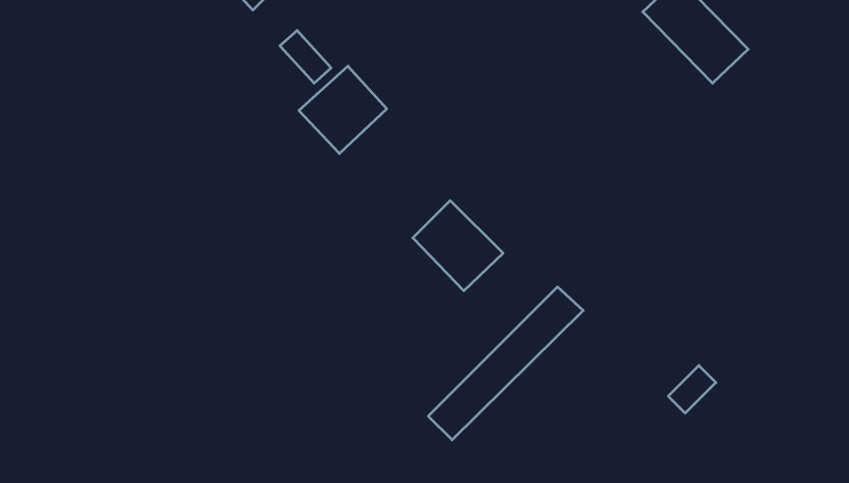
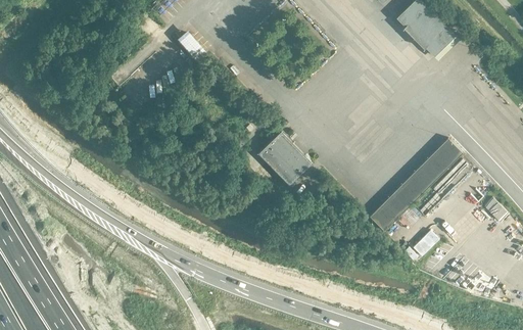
building: [299,66,387,154] -> none
building: [428,287,583,440] -> [369,139,462,231]

